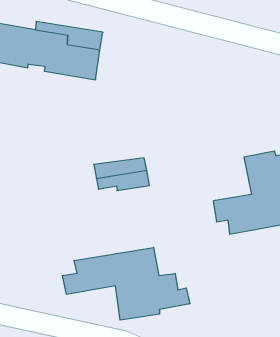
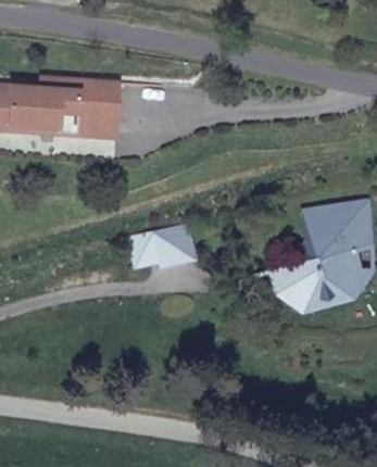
building: [63,247,190,320] -> none

